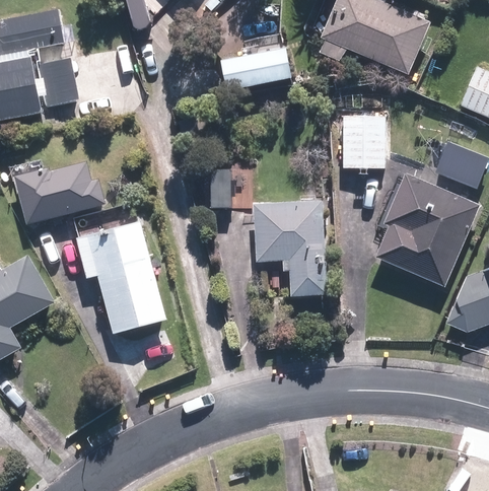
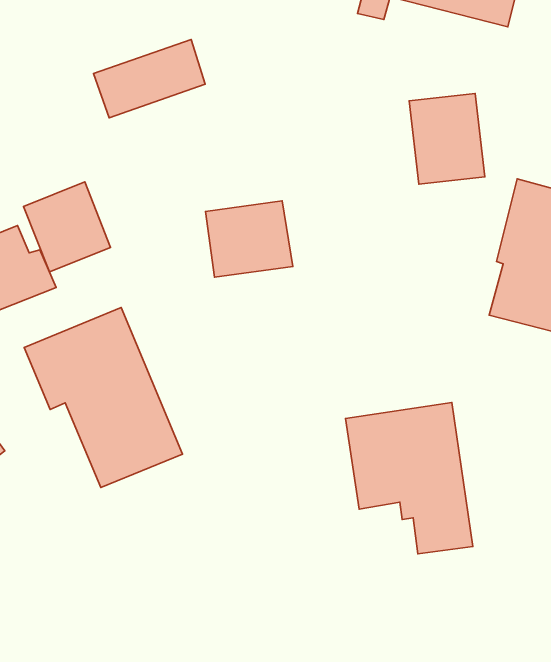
building: [221,49,291,91] -> [94,40,205,118]
building: none -> [23,182,111,272]
building: [255,202,325,295] -> [345,403,473,554]

